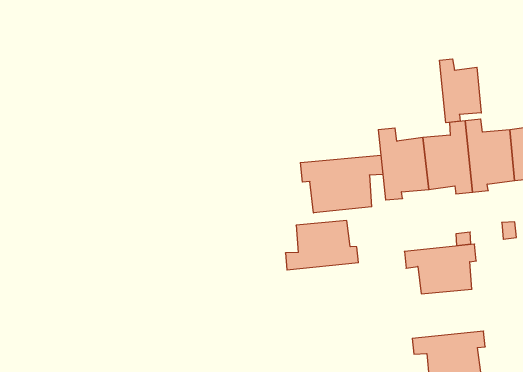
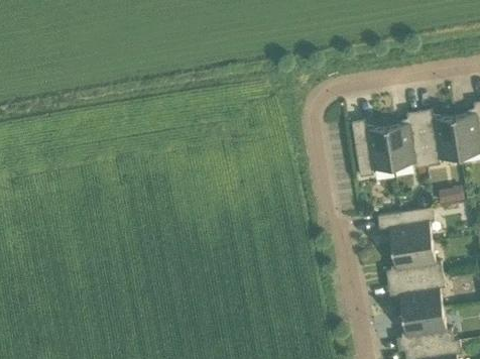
building: [440,59,481,123] -> none
building: [300,155,383,213] -> none
building: [285,221,358,270] -> [385,243,443,284]

